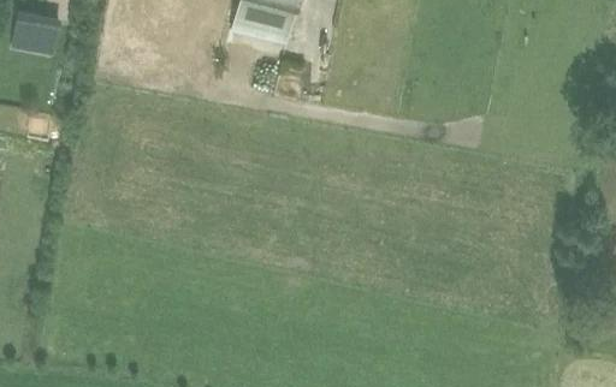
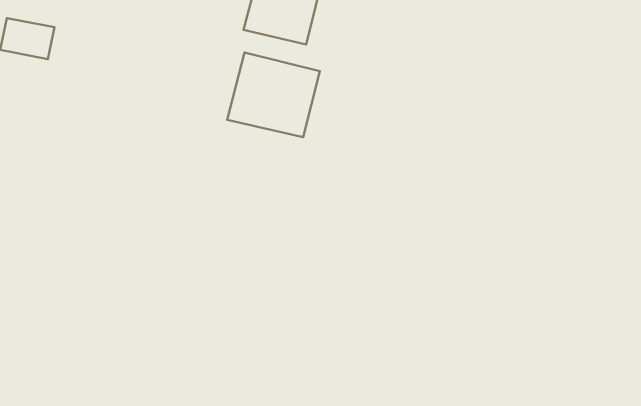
building: none -> [227,53,320,137]

